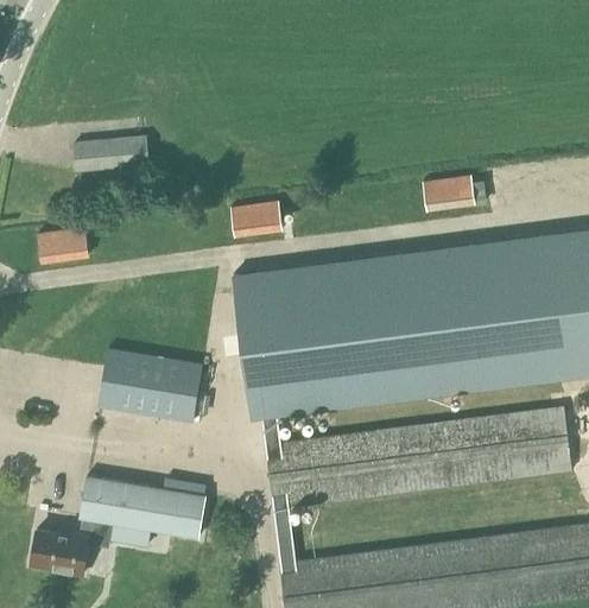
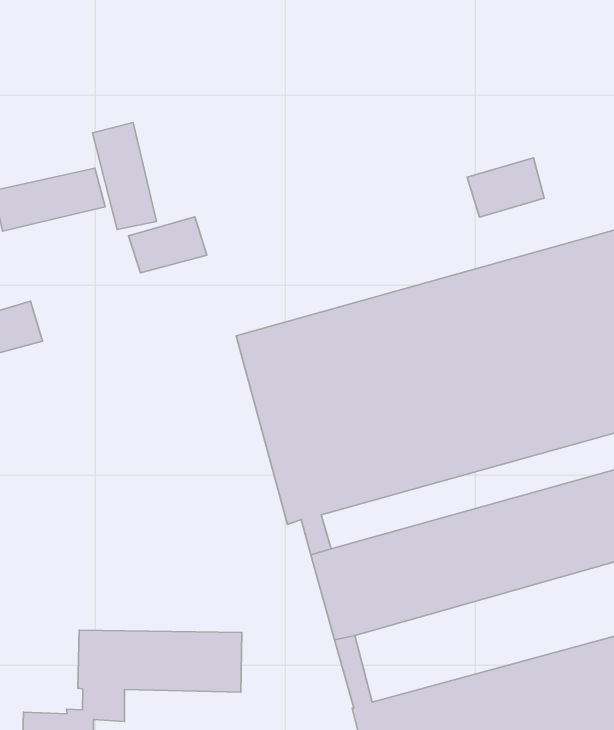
building: none -> [93,122,157,230]
building: [229,203,285,239] -> [129,217,207,273]
building: [97,348,203,424] -> none

